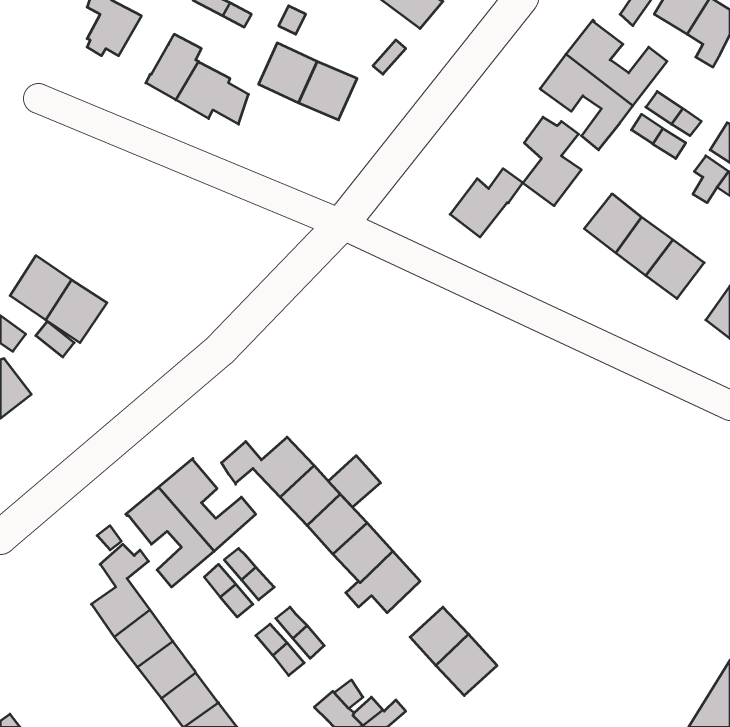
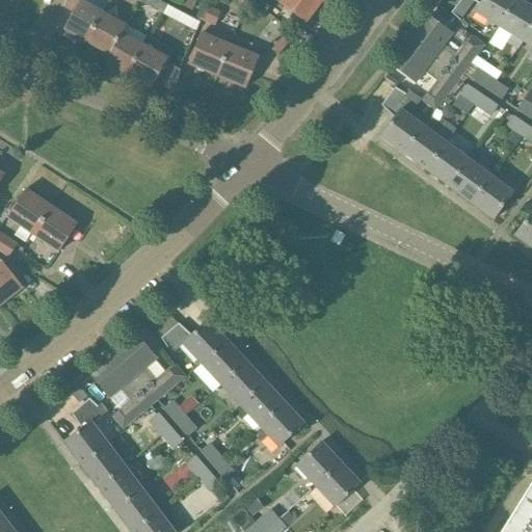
building: none -> [86,11,127,54]
building: [450,169,523,237] -> [403,116,456,166]
building: [328,456,381,507] -> none

